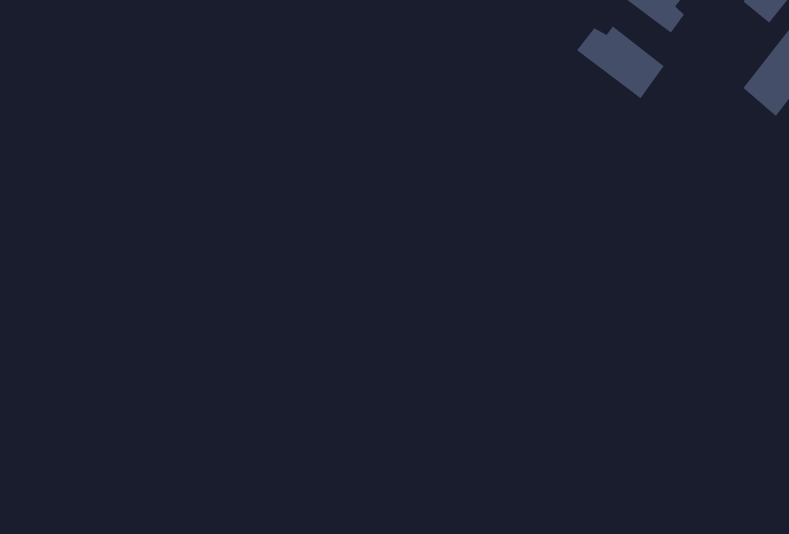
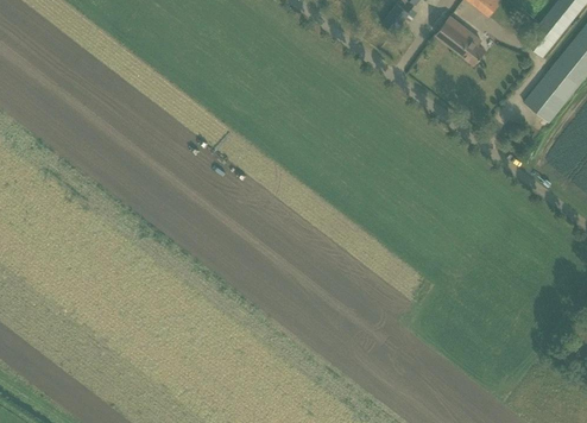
building: [576,26,665,99] -> none

